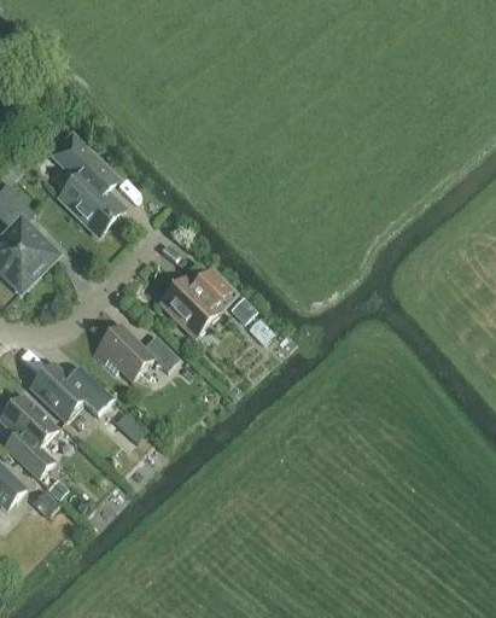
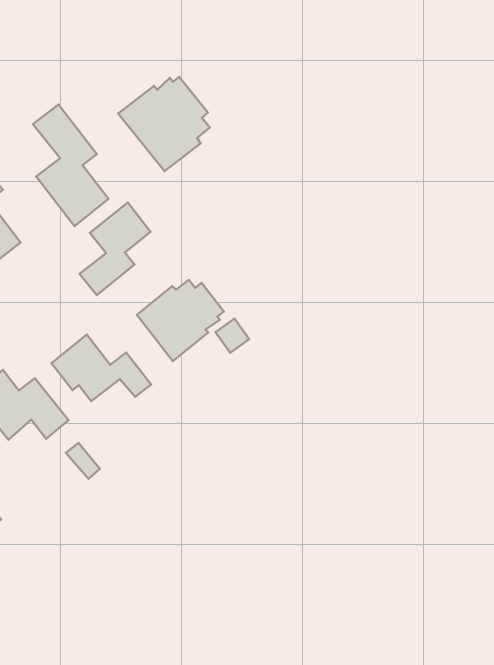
building: none -> [118,77,210,171]
building: none -> [79,202,151,295]

